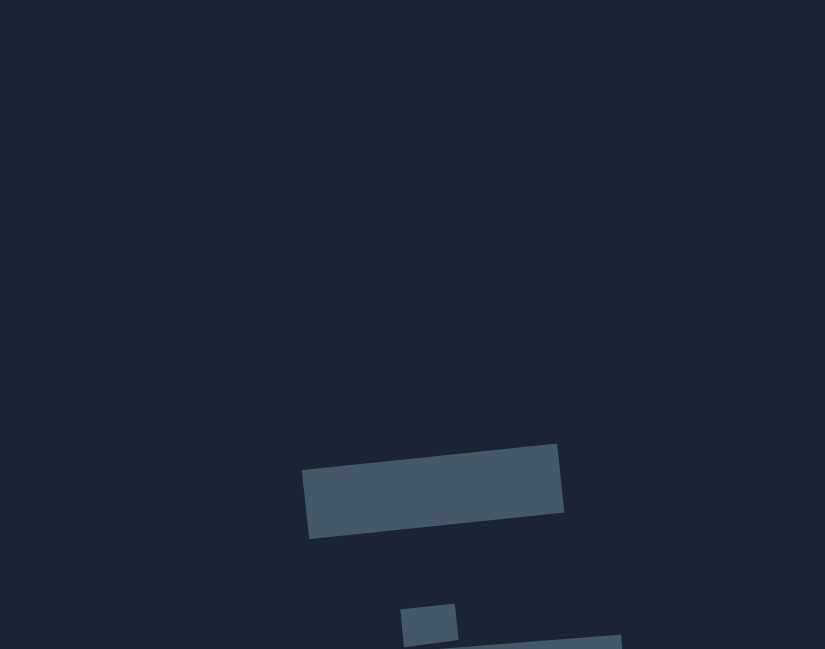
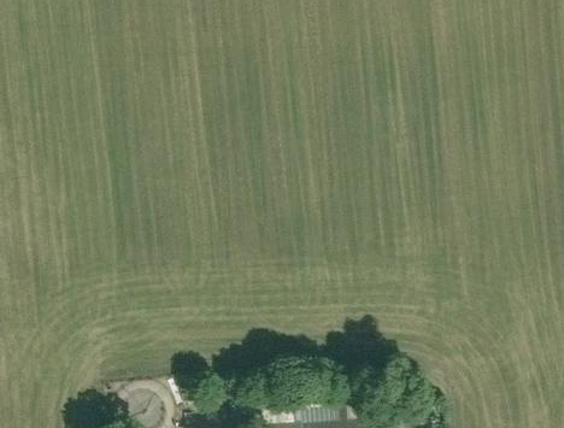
building: [301,443,565,540] -> none

